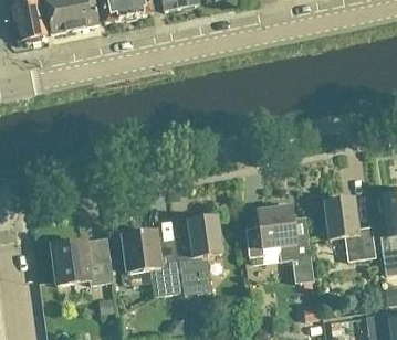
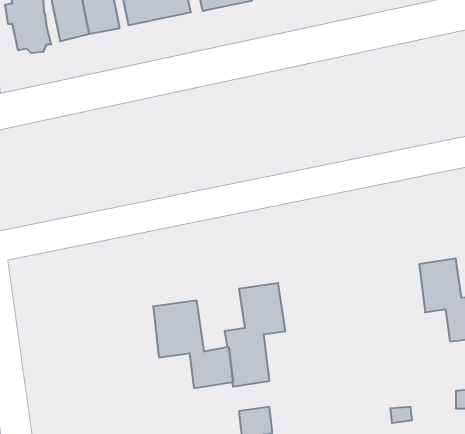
building: [244,202,314,281] -> none
building: [51,240,114,284] -> none

